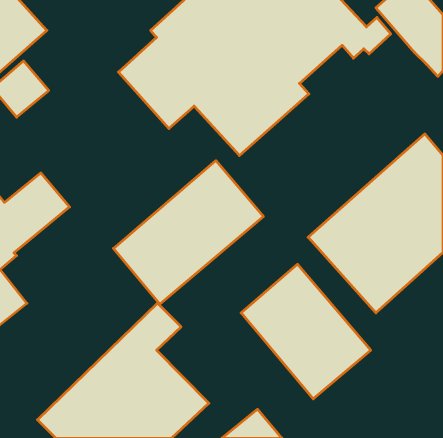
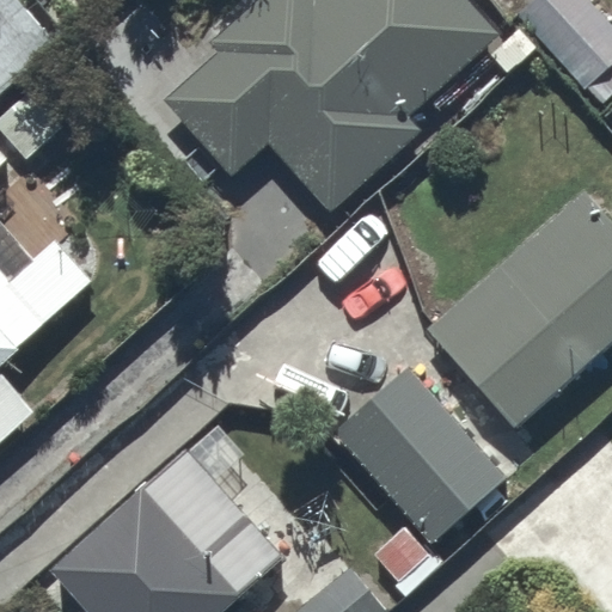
building: [113,161,263,304] -> none

